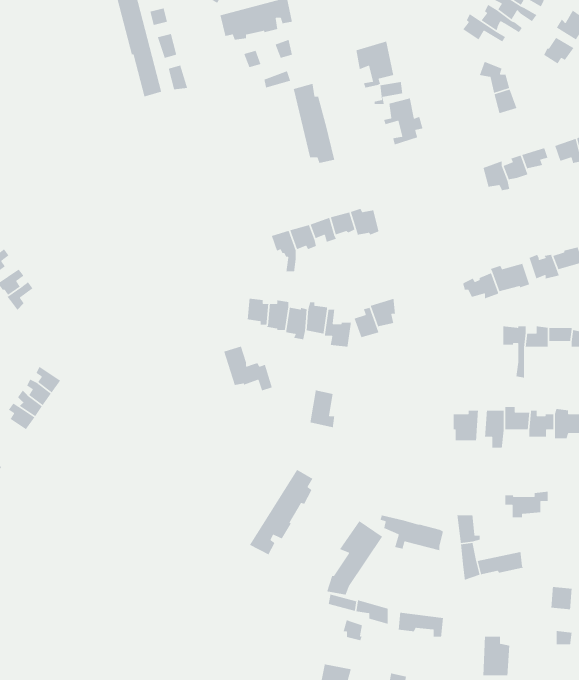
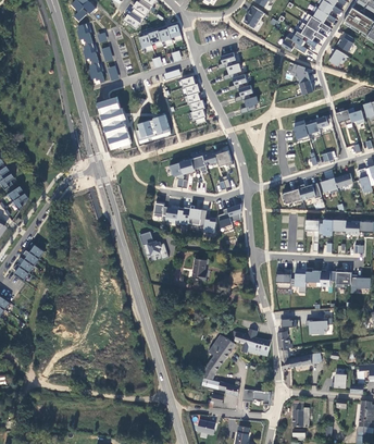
building: none -> [96,96,130,149]
building: none -> [135,114,170,143]
building: [249,469,313,555] -> none

